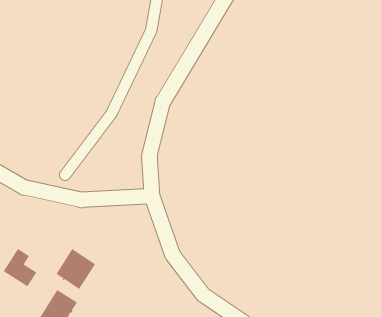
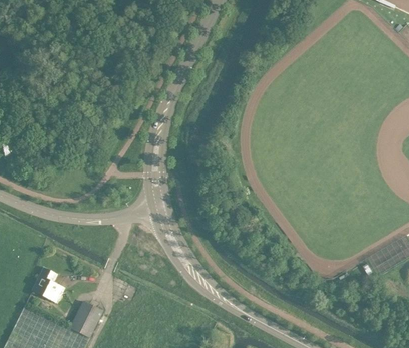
building: [56,248,96,290] -> none

